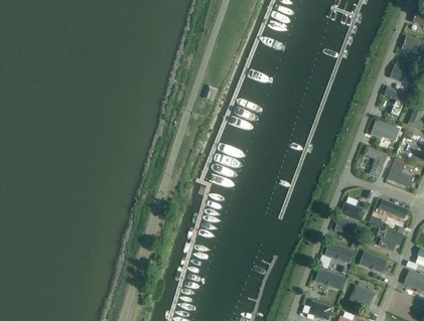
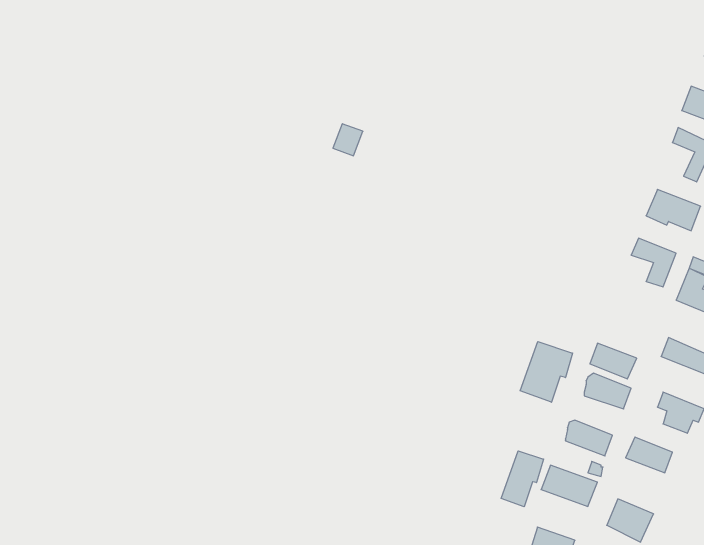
building: none -> [520,342,573,402]
building: none -> [501,451,544,507]

